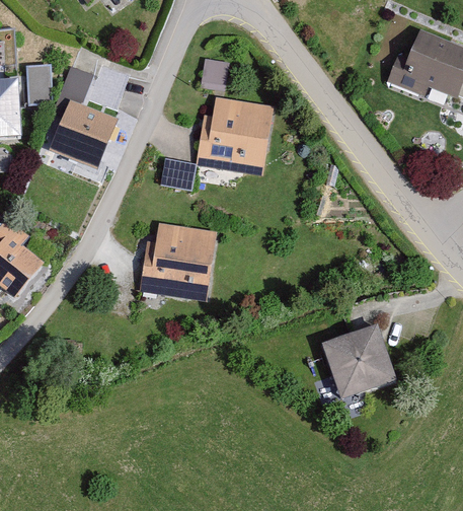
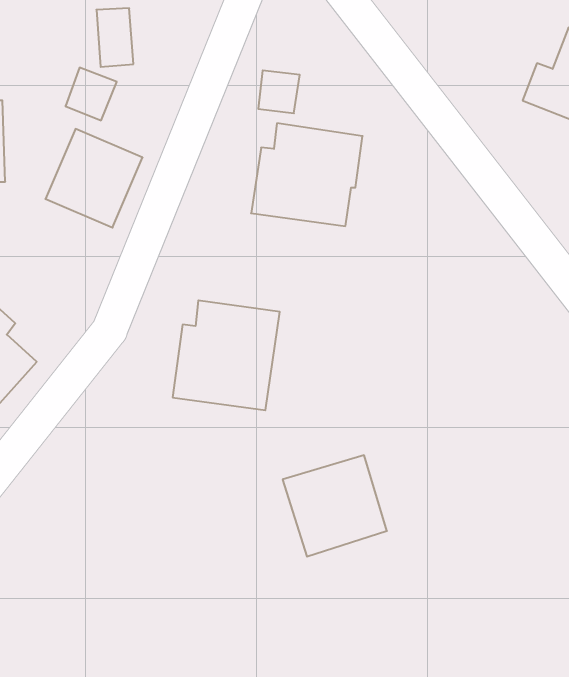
building: [24,64,51,105] -> [96,8,133,67]
building: [160,158,196,191] -> none
building: [321,324,395,396] -> [283,455,387,557]

